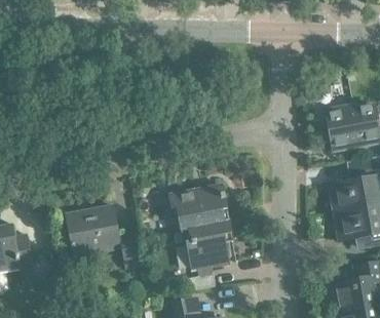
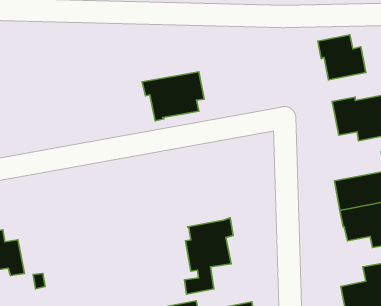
building: none -> [318,35,366,80]
building: [169,185,228,231] -> [142,72,204,121]
building: [66,205,146,268] -> none

